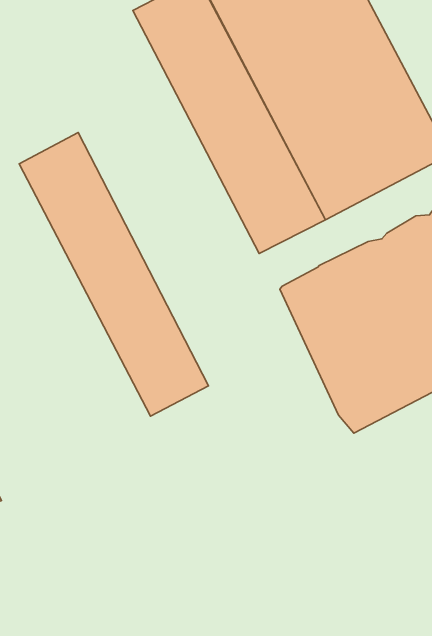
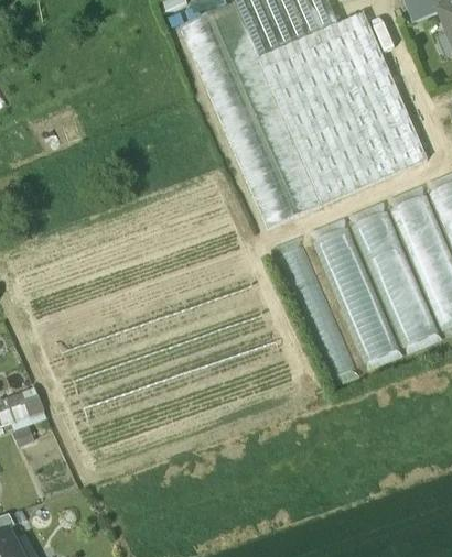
building: [19,133,209,416] -> none

